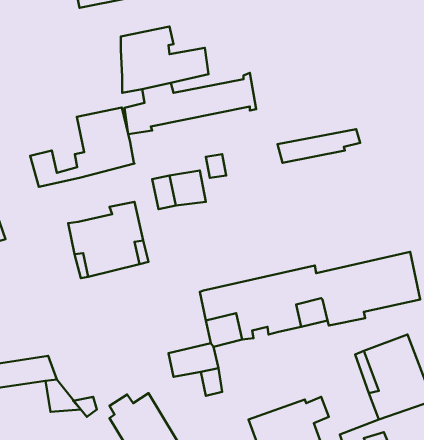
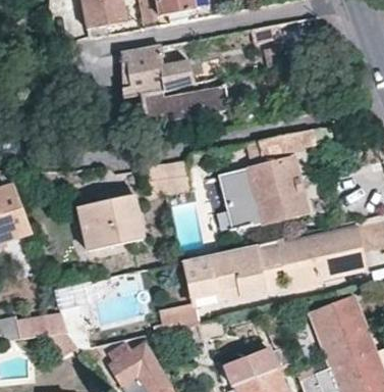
building: [30,108,135,187] -> none
building: none -> [225,156,307,224]

